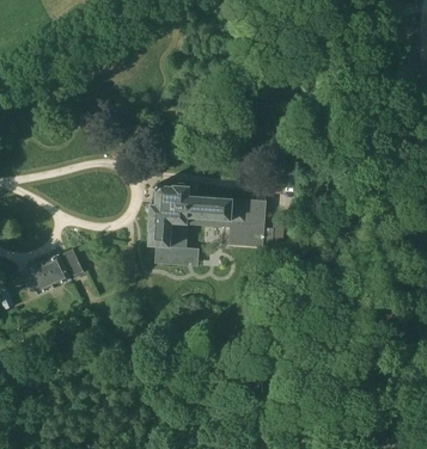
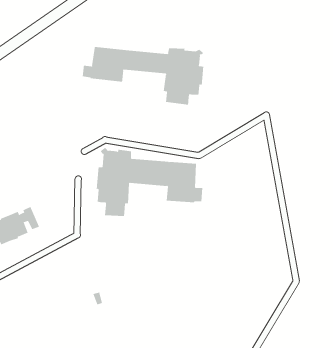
building: none -> [82,46,204,105]

